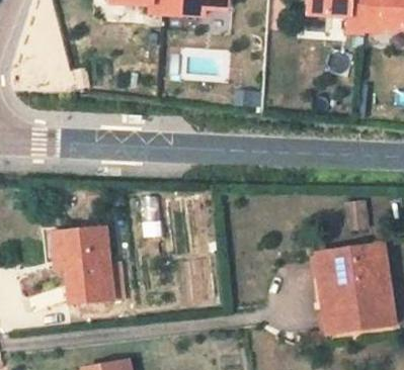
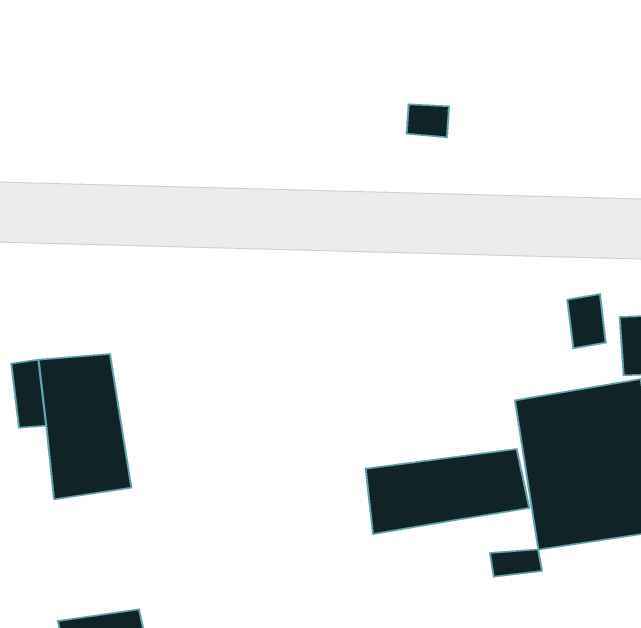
building: none -> [366,449,529,534]

